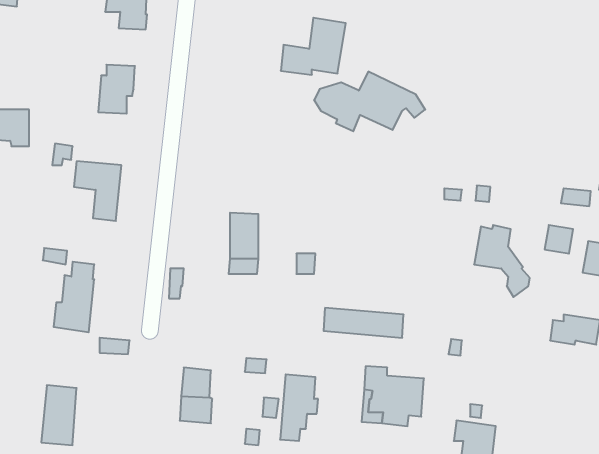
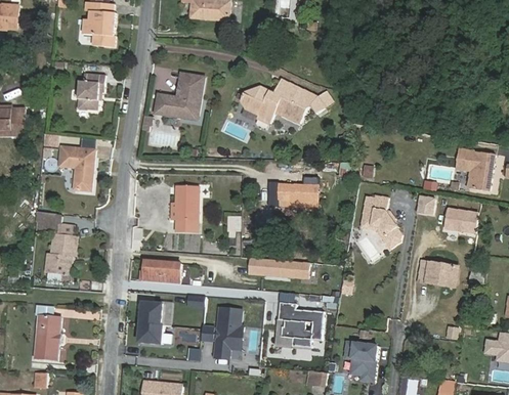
building: [281,18,346,75] -> [155,73,204,116]
building: none -> [278,176,316,206]
building: none -> [142,261,180,283]

